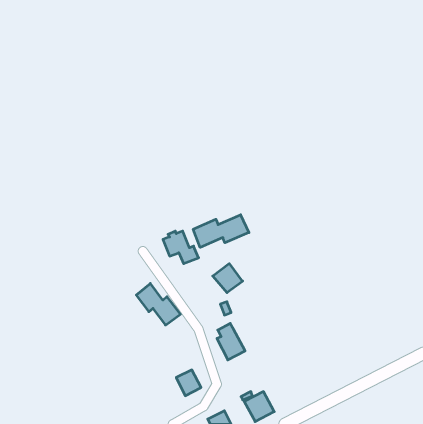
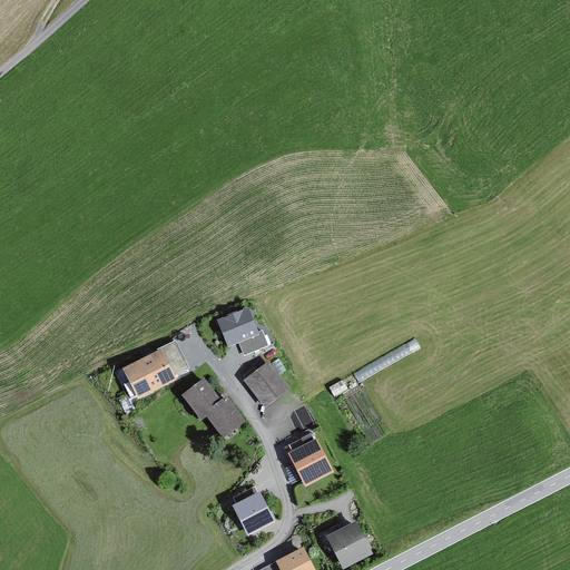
building: [193,215,249,247] -> none
building: none -> [122,341,183,396]
building: [213,264,243,293] -> [245,364,285,403]

